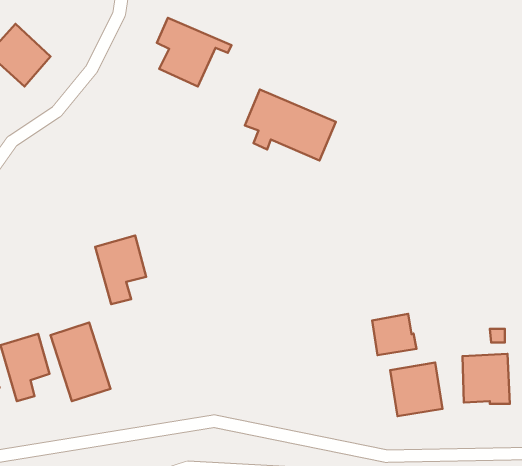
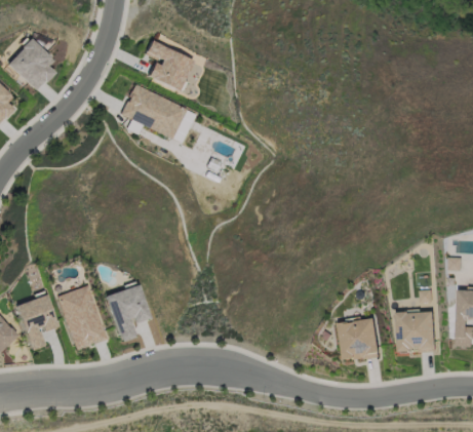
building: [245,89,336,161] -> [121,84,196,143]
building: [95,236,146,304] -> [107,284,149,341]
building: [372,314,417,355] -> none

